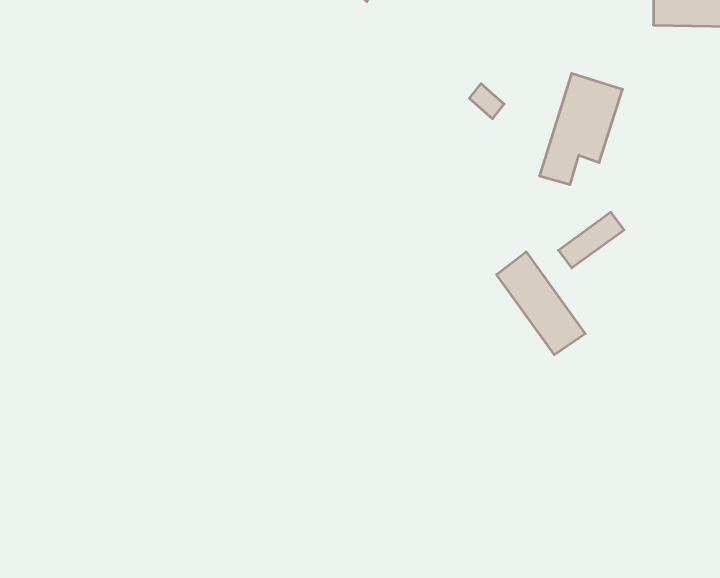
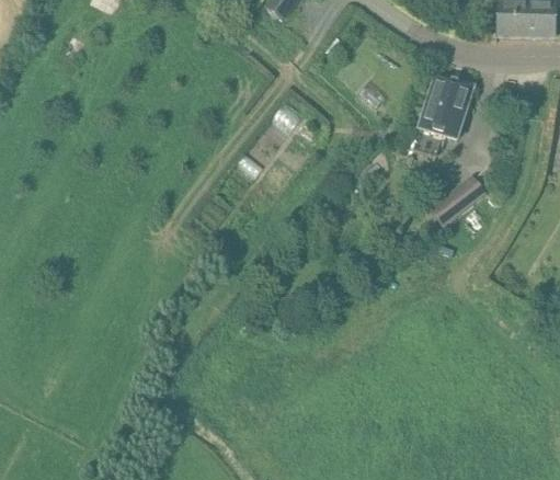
building: [497,252,585,355] -> none

